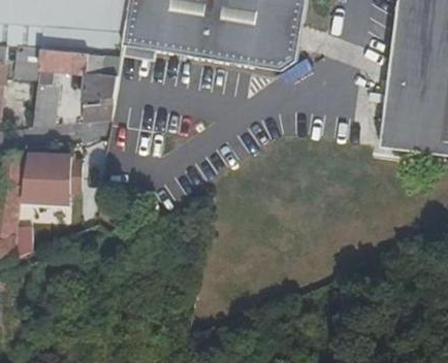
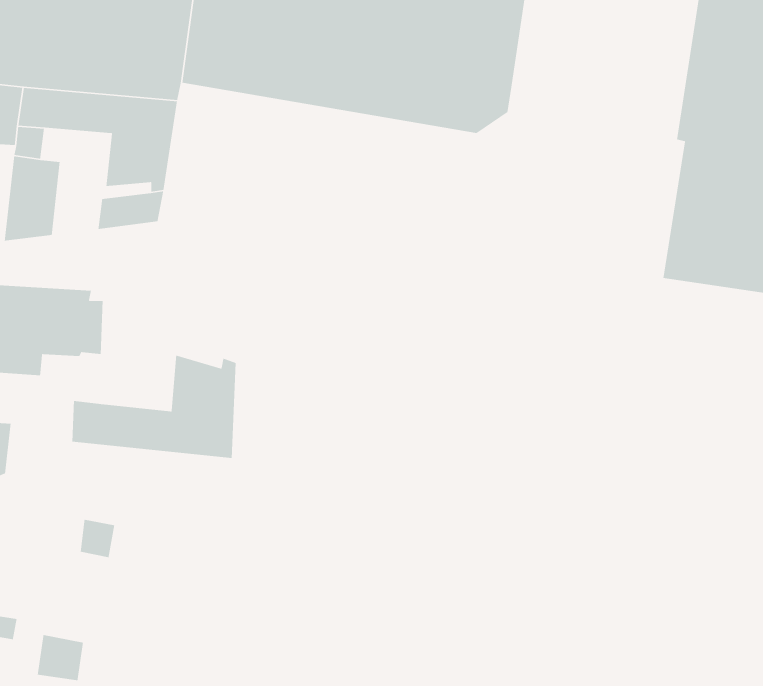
building: none -> [71,355,236,459]

